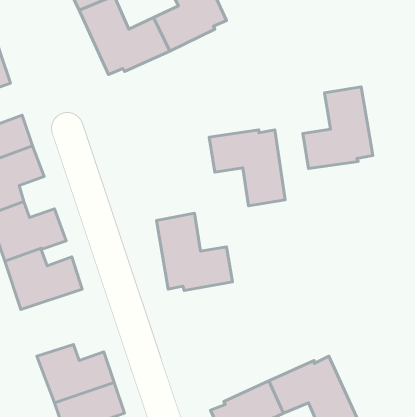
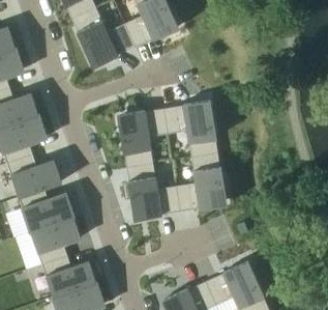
building: [303,87,373,169] -> [176,153,226,212]
building: none -> [119,109,168,168]
building: none -> [30,217,81,264]

